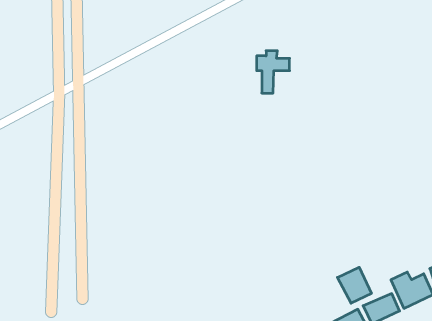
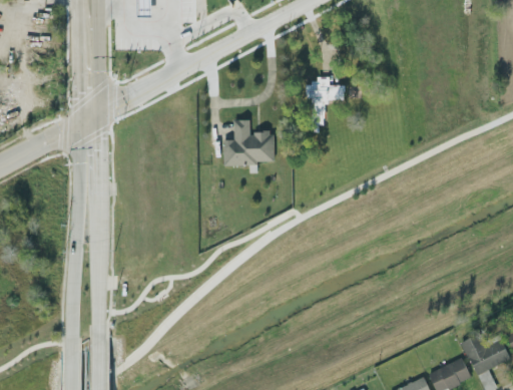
building: none -> [222,119,273,165]
building: [337,267,371,303] -> none

